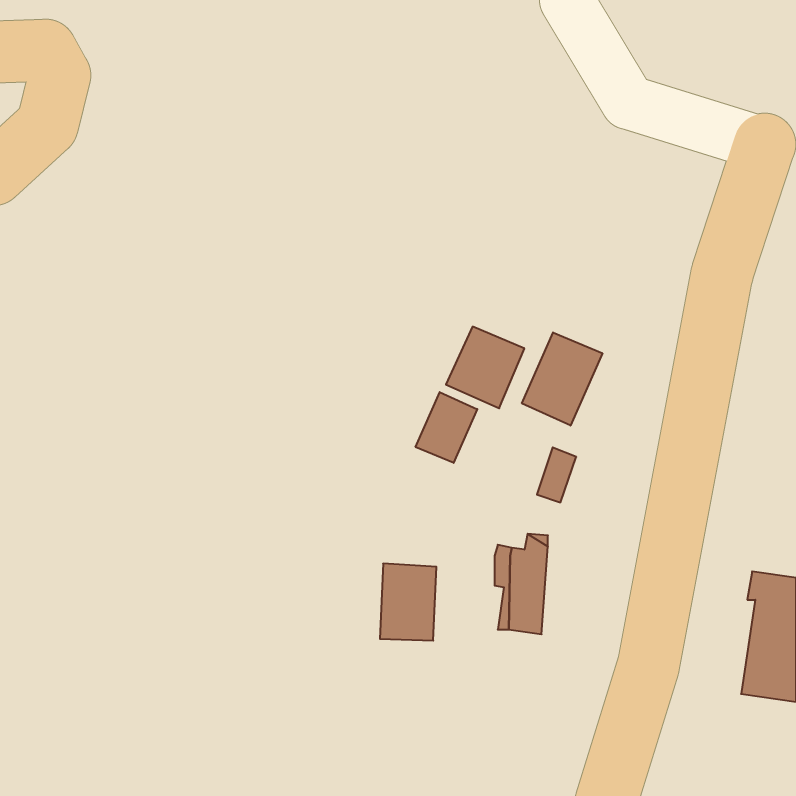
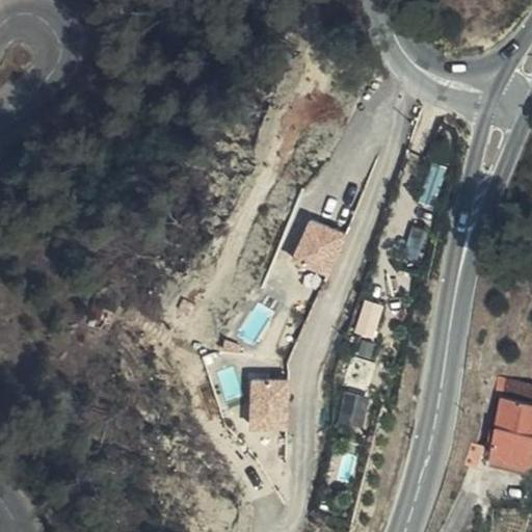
building: [522,332,602,426] -> none
building: [416,392,477,463] -> none

